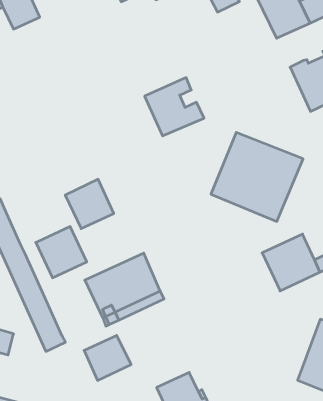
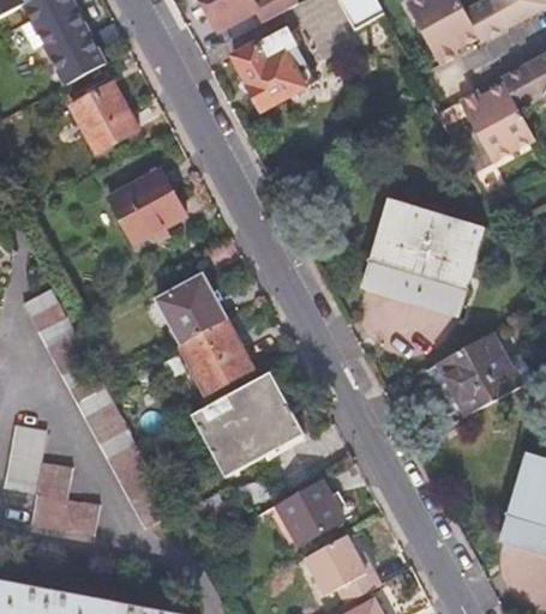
building: none -> [73,84,140,154]
building: [145,78,204,136] -> [235,25,320,109]
building: none -> [107,170,185,245]
building: [36,227,87,278] -> [179,323,252,396]
building: [84,335,131,380] -> [280,481,347,546]

